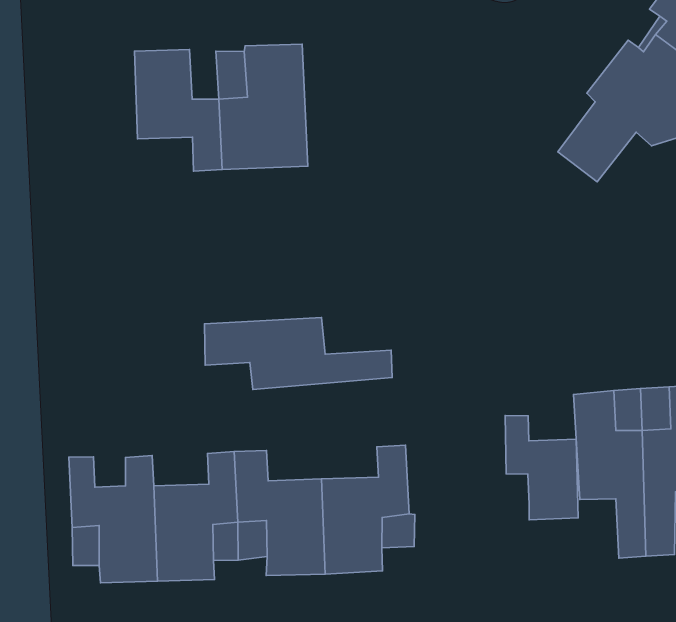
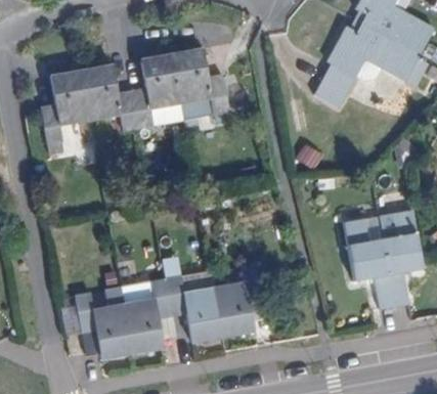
building: none -> [171,47,229,119]
building: none -> [39,70,89,144]
building: [205,317,392,389] -> none
building: [505,416,578,520] -> none

